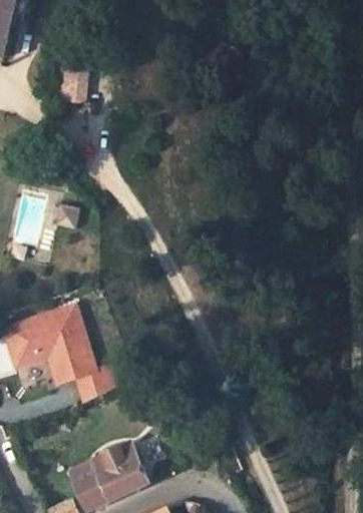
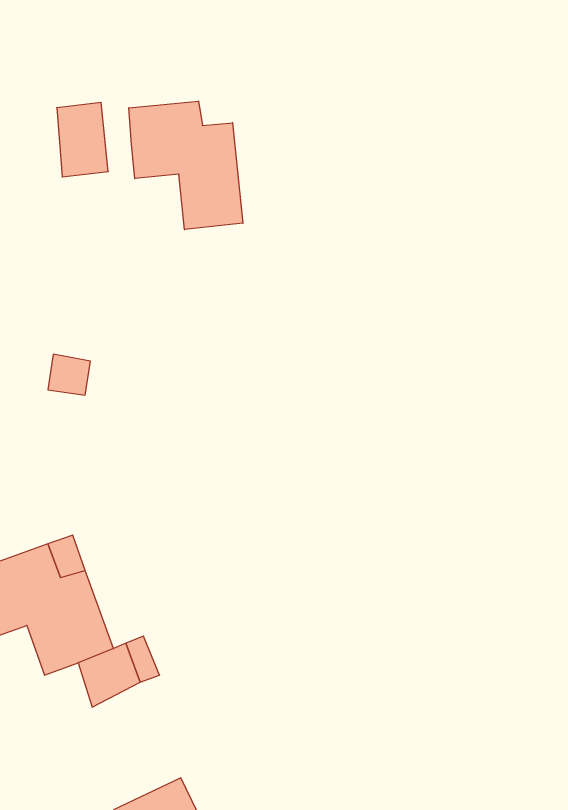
building: none -> [129,101,243,230]

